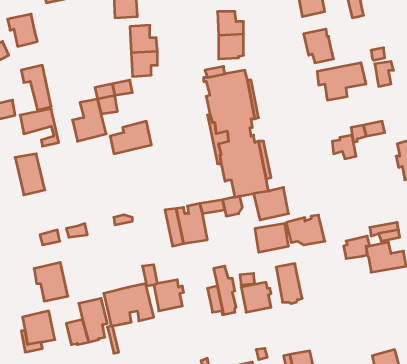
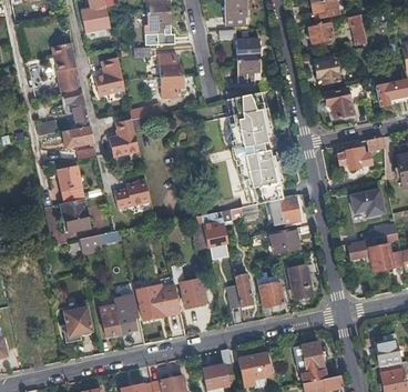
building: none -> [92,53,123,91]
building: [110,121,151,154] -> [112,179,149,208]
building: [286,215,325,245] -> [350,190,385,217]
building: [34,262,68,301] -> [60,199,90,233]

